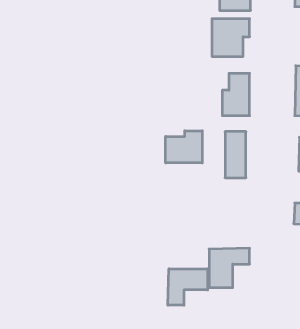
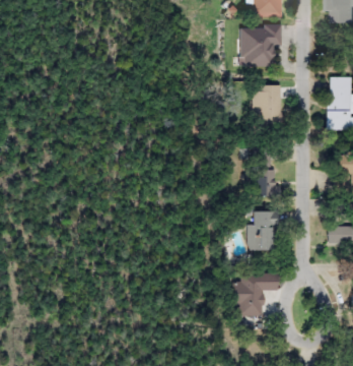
building: [166,131,202,163] -> none
building: none -> [251,211,277,251]
building: [168,269,208,305] -> none

